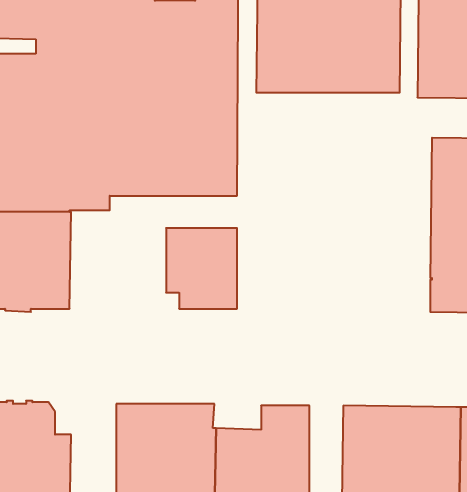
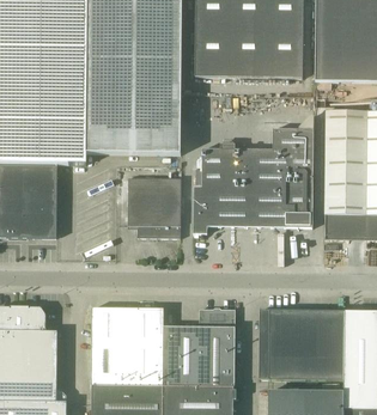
building: none -> [193,128,314,233]

